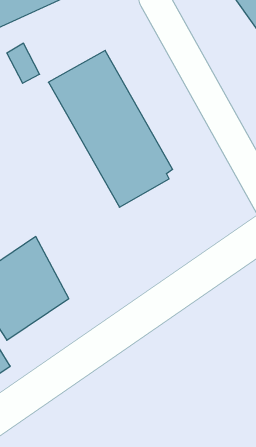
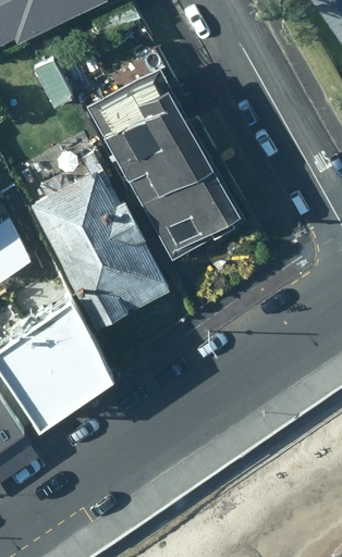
building: none -> [30,152,171,330]

